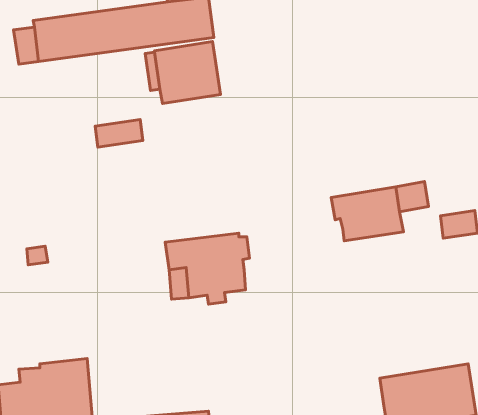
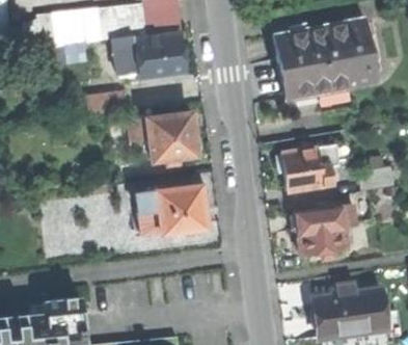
building: none -> [272,18,376,95]
building: none -> [133,112,202,167]
building: none -> [288,203,353,261]

